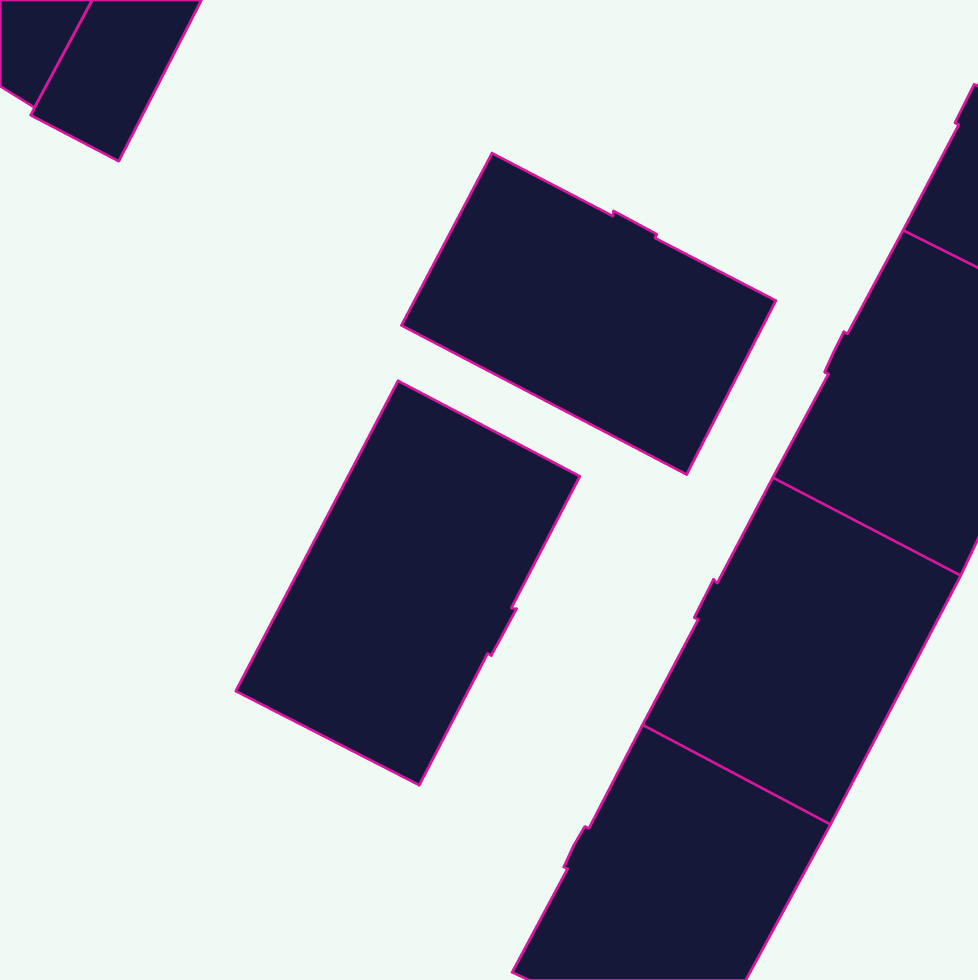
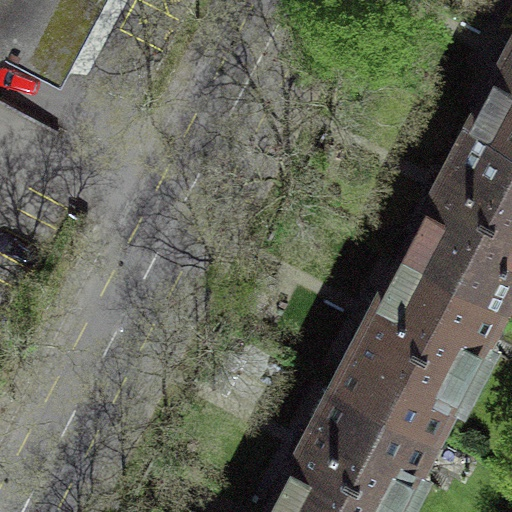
building: [401,153,776,475] -> none
building: [236,381,580,785] -> none

